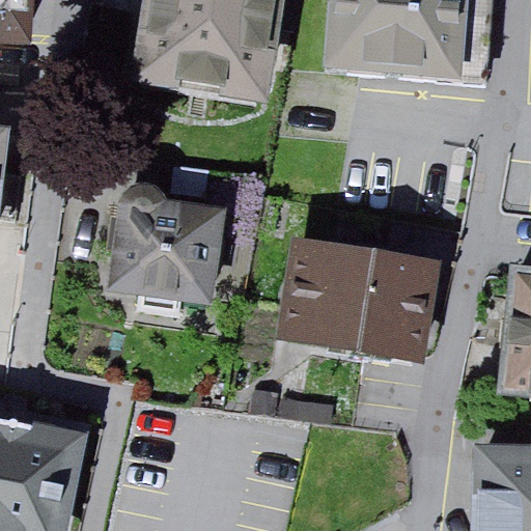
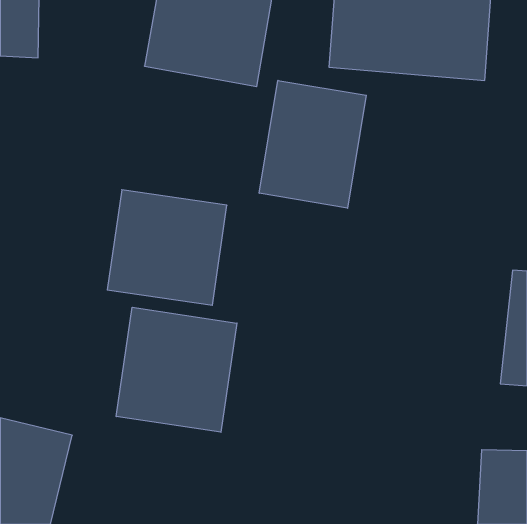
building: none -> [259,80,366,208]
building: [283,243,428,347] -> none
building: none -> [116,307,237,432]

